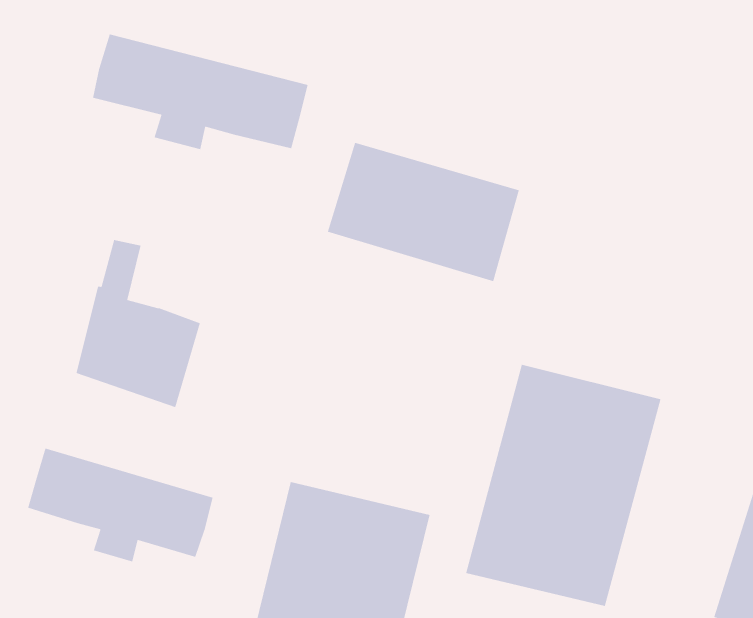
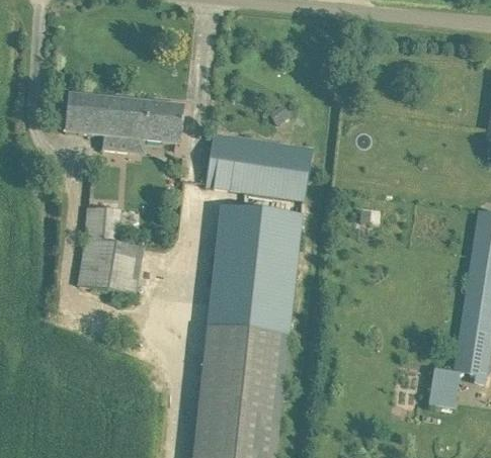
building: [465,364,661,607] -> [207,206,302,335]
building: [27,447,214,562] -> none

